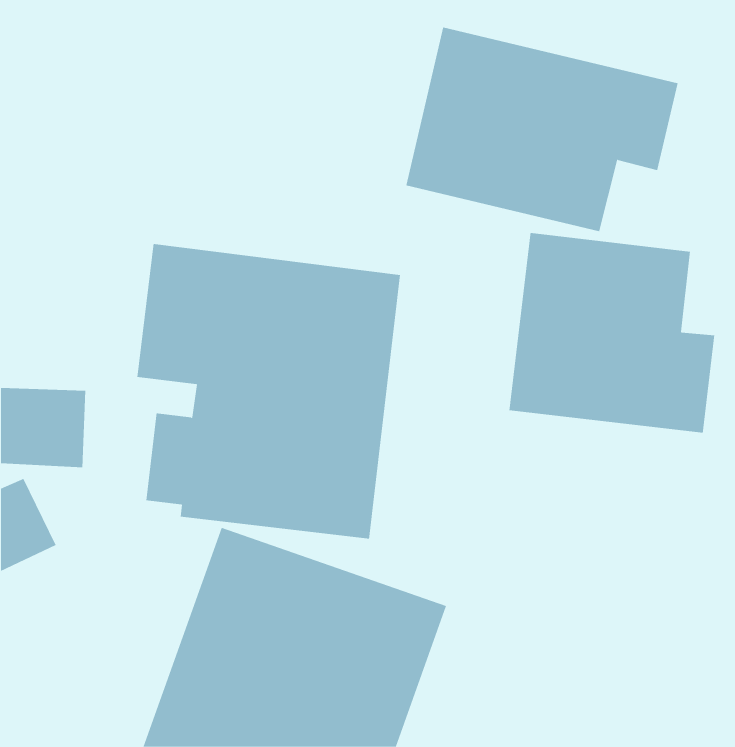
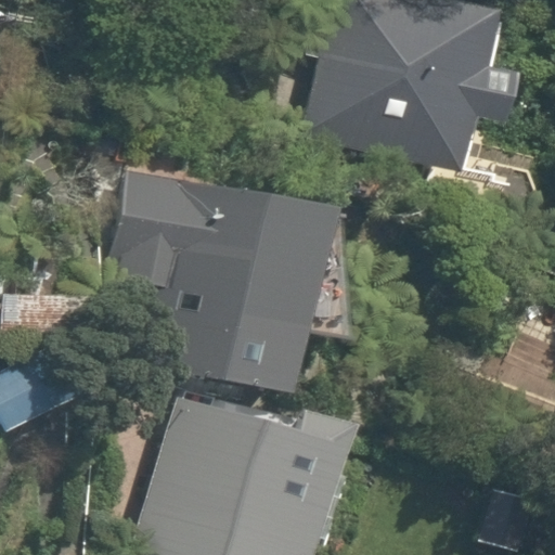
building: [509,232,715,433] -> none

